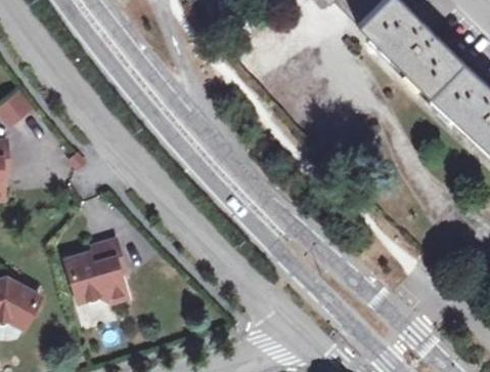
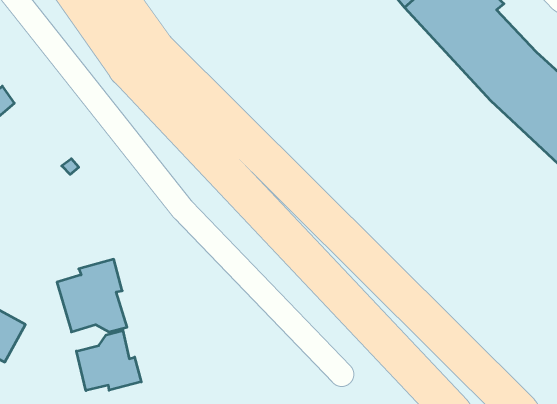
building: none -> [76,330,141,391]

